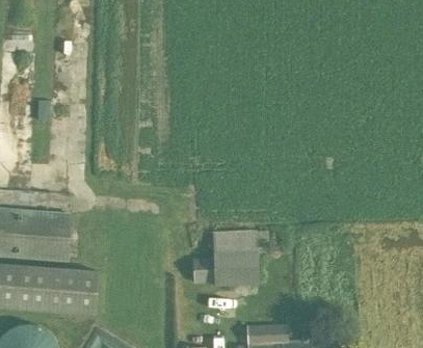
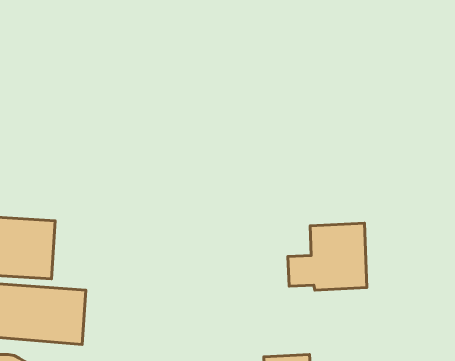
building: [192,231,259,287] -> [288,223,367,290]

